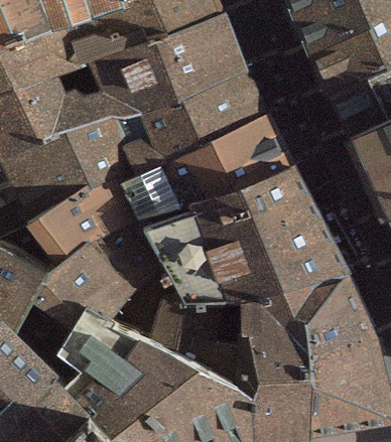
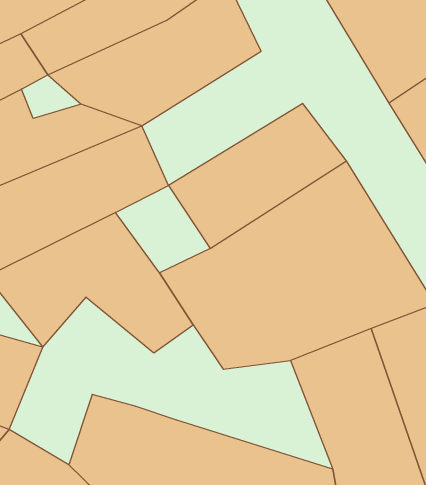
building: [158,76,281,167] -> none
building: [29,243,145,366] -> none
building: [155,274,268,396] -> none

